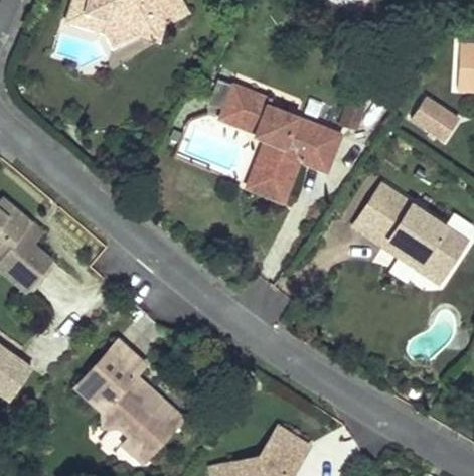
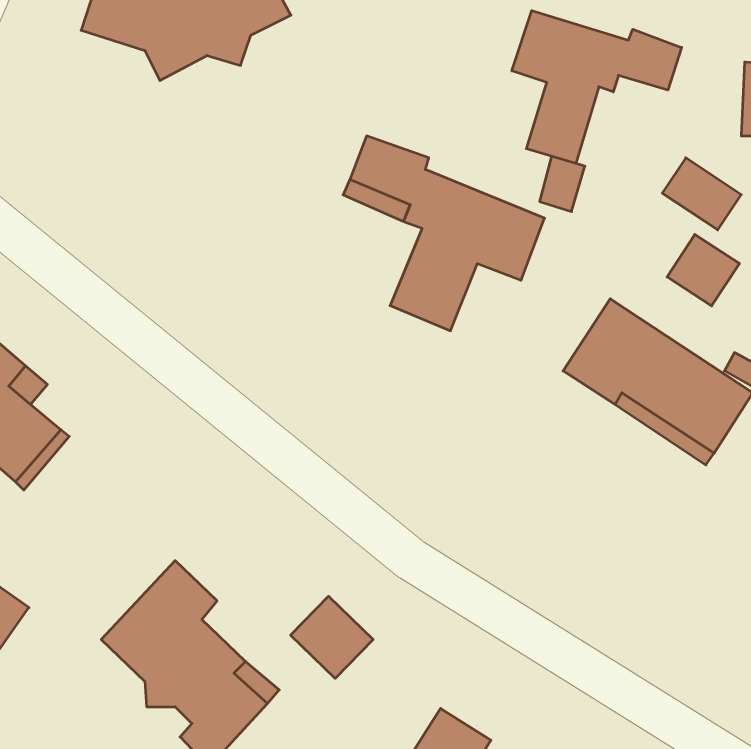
building: none -> [512,11,682,163]
building: none -> [667,234,739,306]
building: none -> [291,596,373,678]

